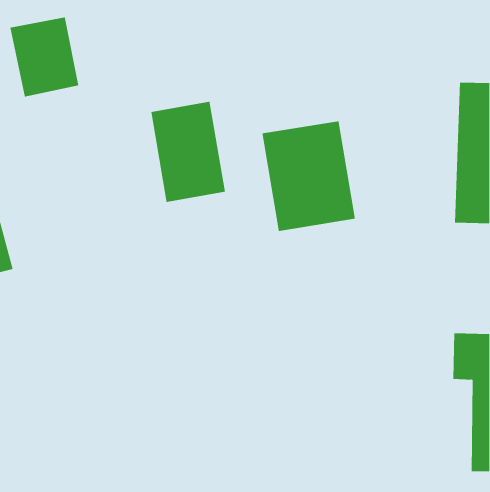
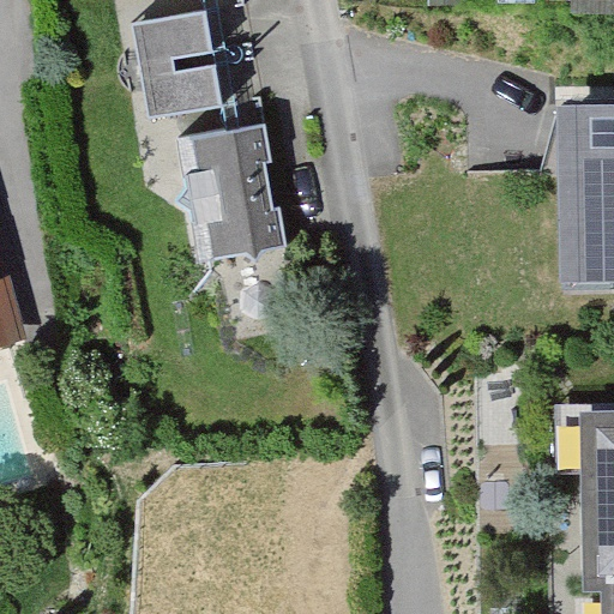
building: [10,17,79,97] -> [138,16,224,115]
building: [262,120,355,232] -> none

